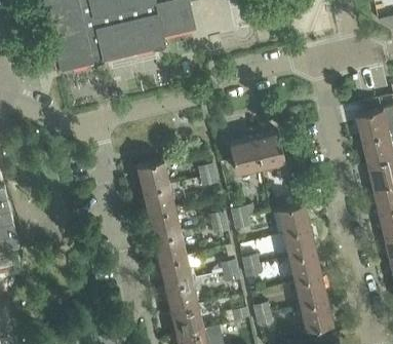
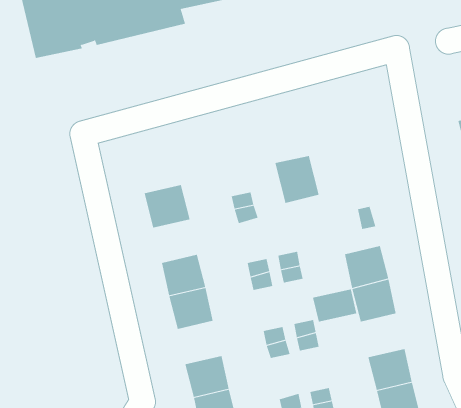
building: [252,132,284,166] -> none
building: [142,184,173,215] -> none
building: [288,251,320,281] -> none
building: [159,256,191,286] -> none

